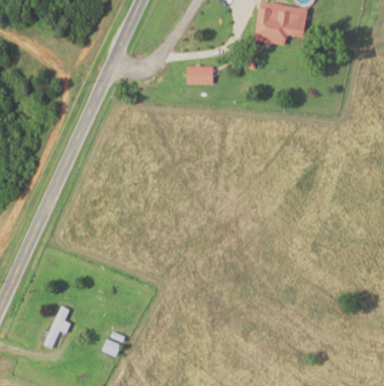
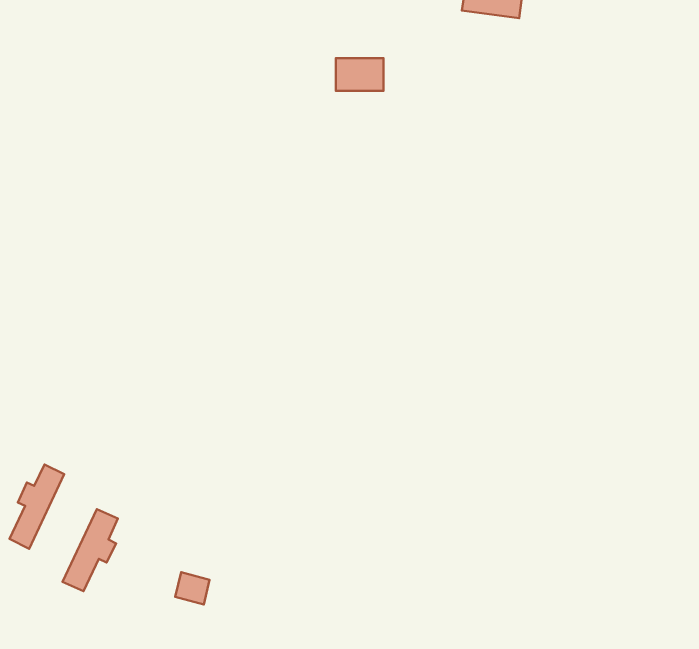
building: none -> [9,465,64,549]

